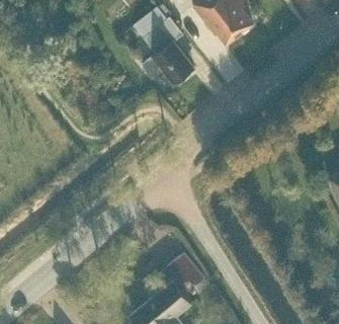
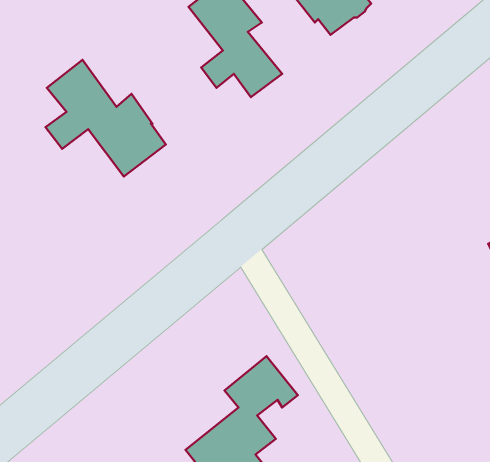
building: none -> [46,60,166,177]

